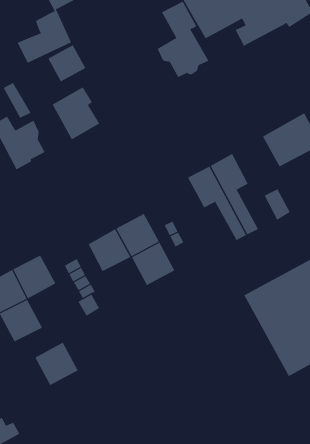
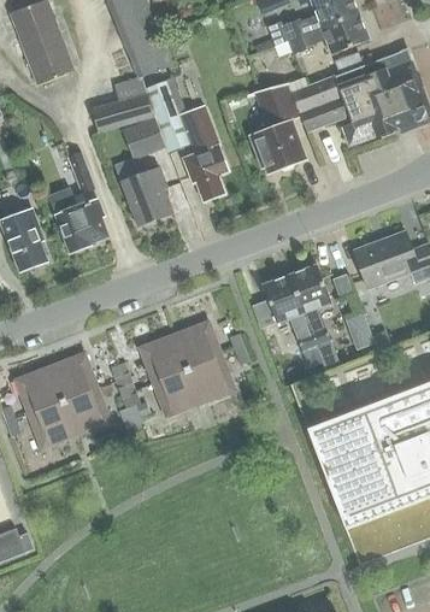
building: none -> [146,77,226,199]
building: none -> [151,367,199,414]
building: [34,342,79,386] -> [61,386,110,434]

